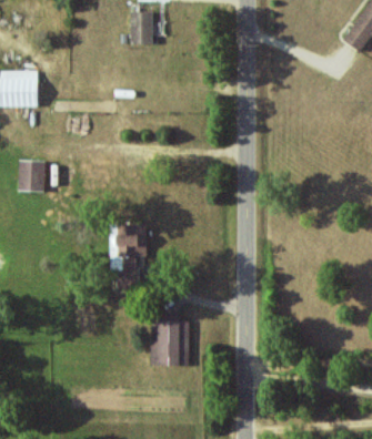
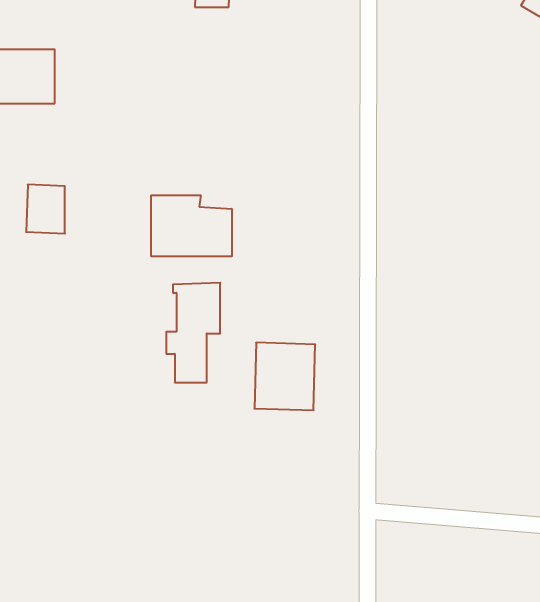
building: none -> [151,195,232,256]
building: [150,320,190,365] -> [254,343,315,410]

